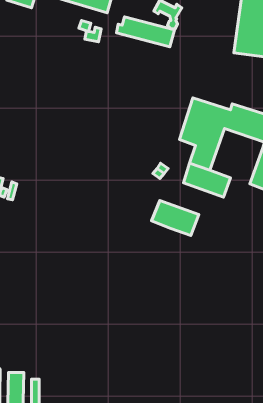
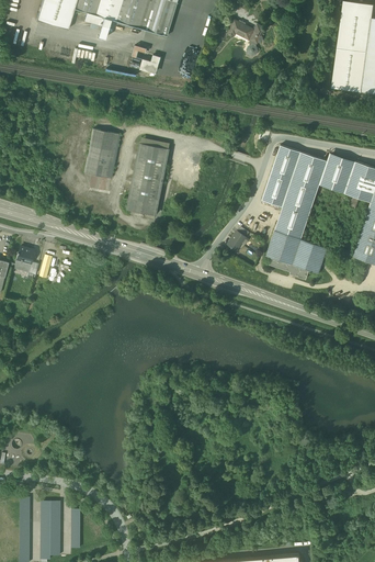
building: [117,17,175,47] -> none
building: none -> [86,128,121,178]
building: none -> [127,143,171,216]
building: [151,200,199,235] -> none

